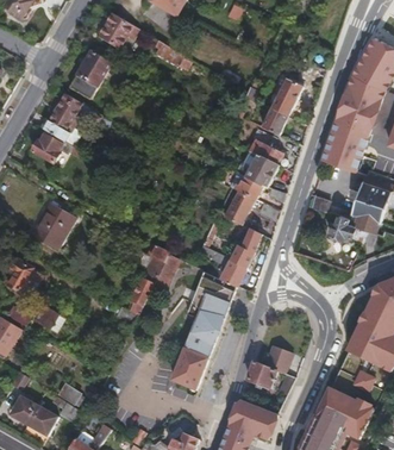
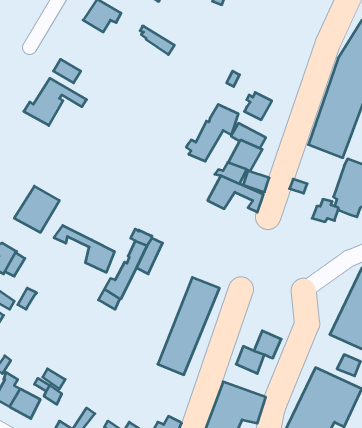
building: [74,50,108,87] -> none
building: [269,79,300,117] -> none
building: [29,133,82,164] -> none
building: [215,229,268,286] -> [186,104,238,161]
building: none -> [54,225,114,272]

